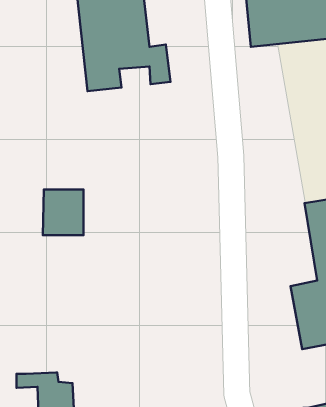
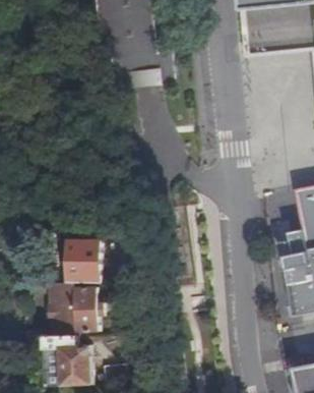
building: [43,190,84,235] -> [65,241,101,281]
building: none -> [47,287,100,337]

